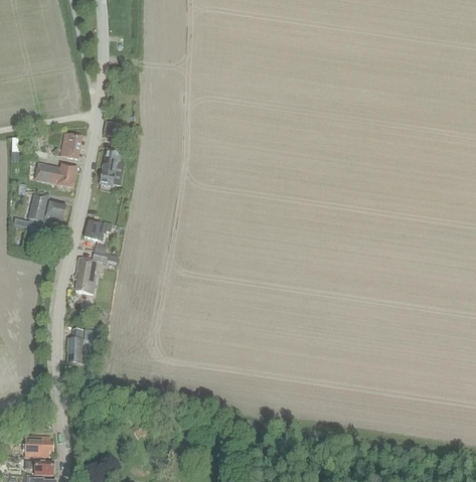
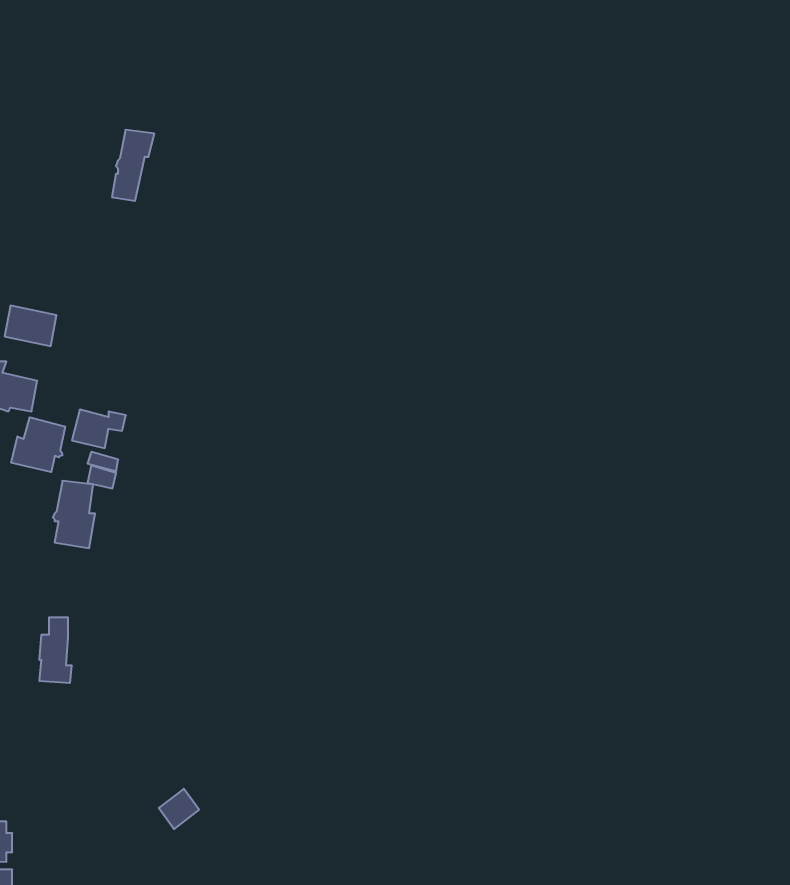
building: [60,132,83,157] -> none
building: [100,147,122,184] -> [112,130,154,201]
building: none -> [11,417,65,472]

